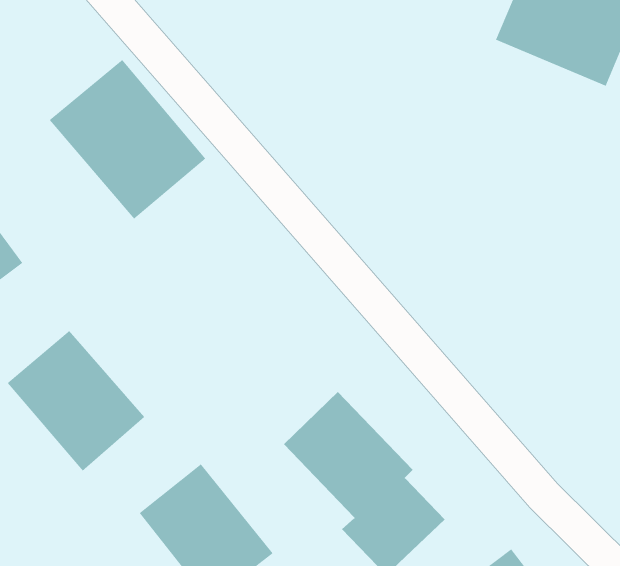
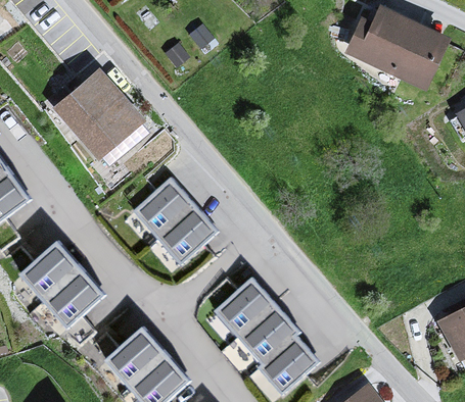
building: none -> [135,179,221,267]

